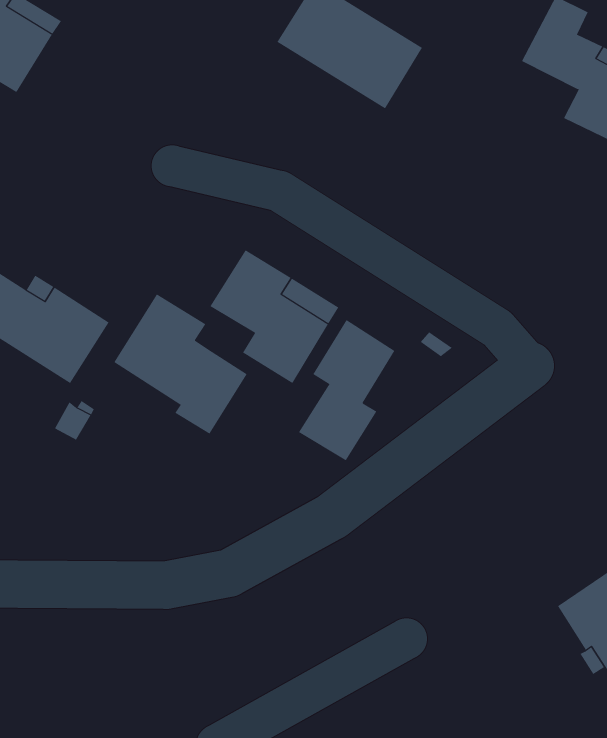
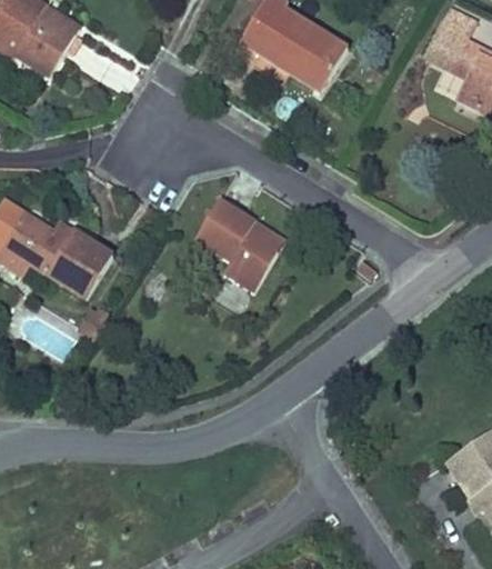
building: [113,294,248,435] -> none
building: [298,319,395,461] -> none

